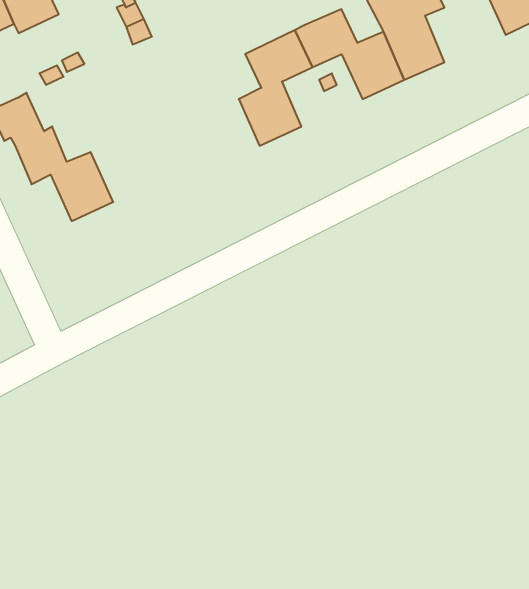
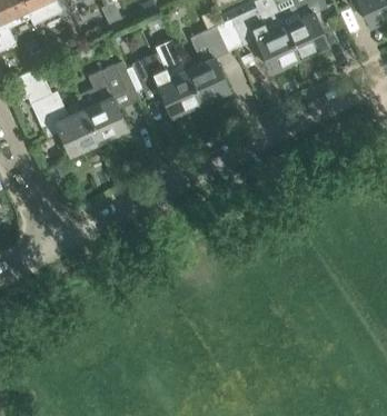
building: none -> [125,50,199,115]
building: none -> [78,66,127,141]

